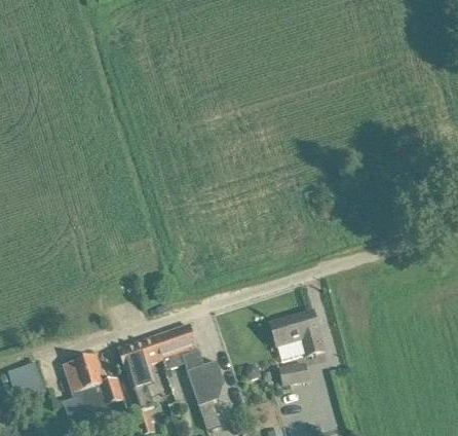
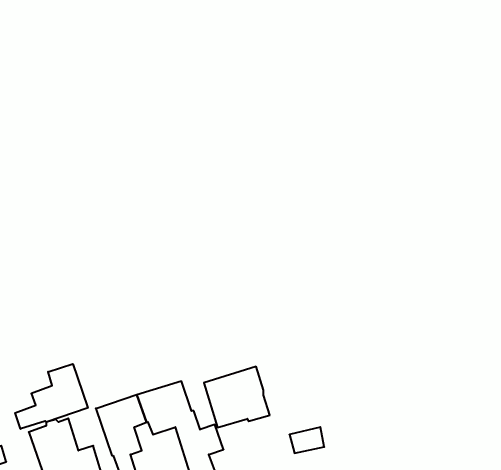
building: [269,307,323,358] -> [204,367,270,427]
building: none -> [15,364,88,429]

